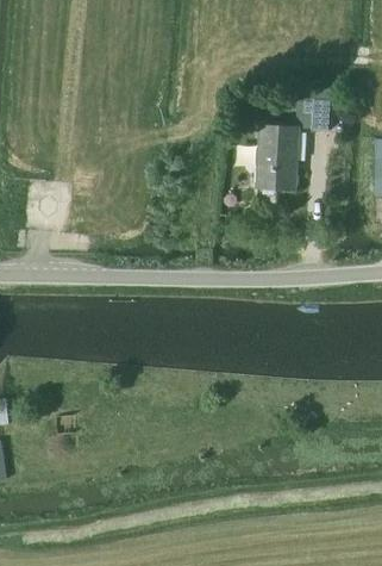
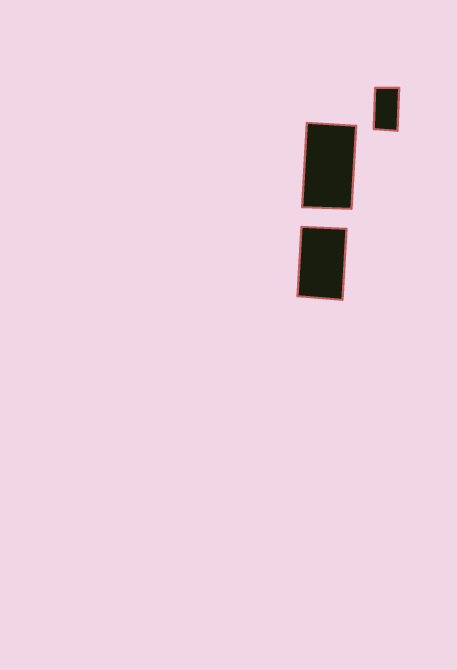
building: none -> [298,227,347,300]

